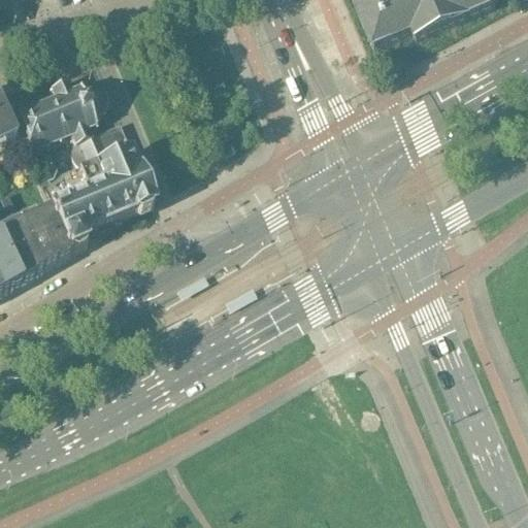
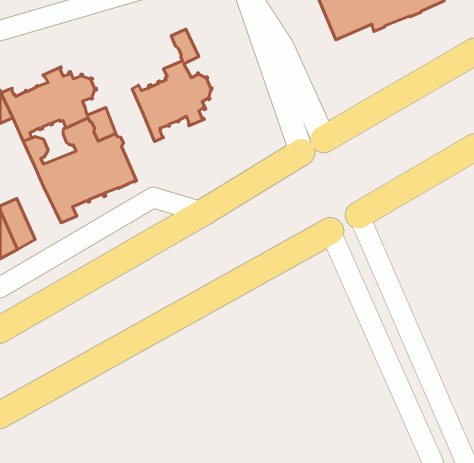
building: none -> [132,29,212,142]
building: [19,207,69,266] -> none

